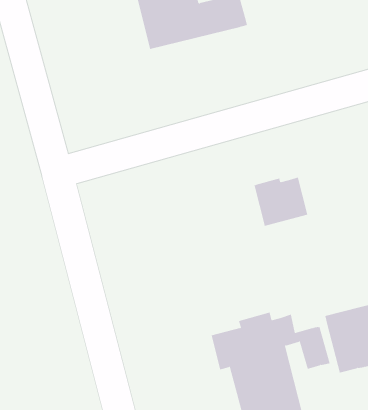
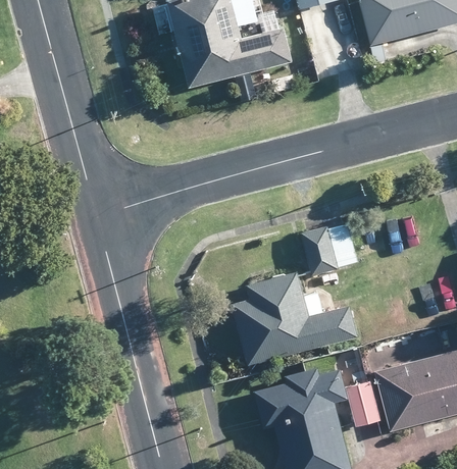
building: none -> [231,269,360,364]

